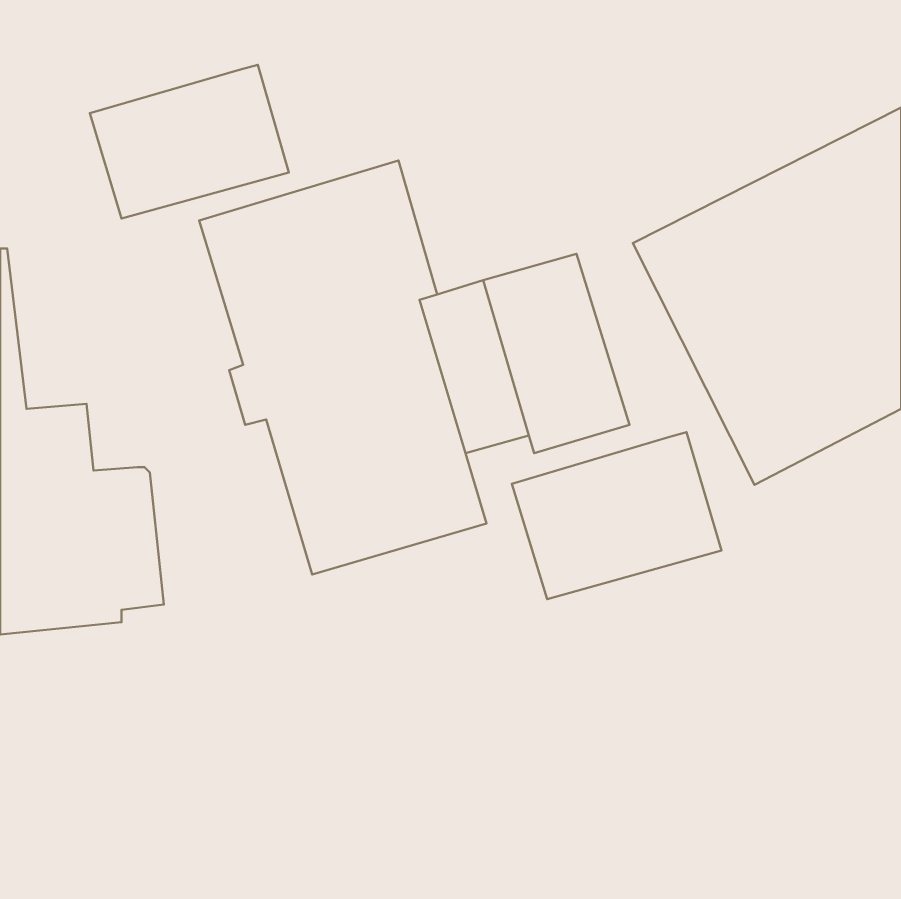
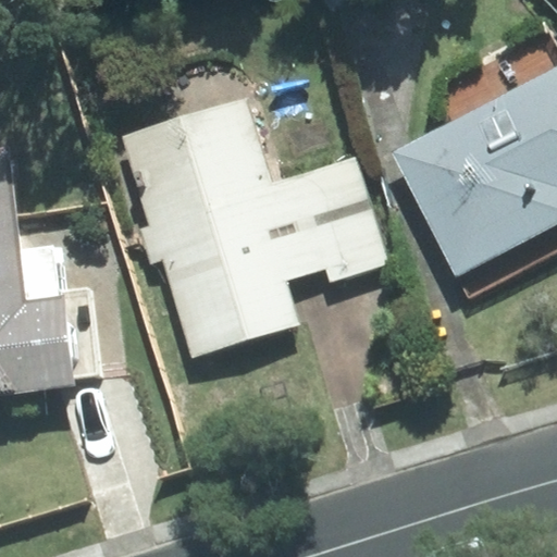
building: [90,65,289,218] -> none
building: [512,432,722,599] -> none

